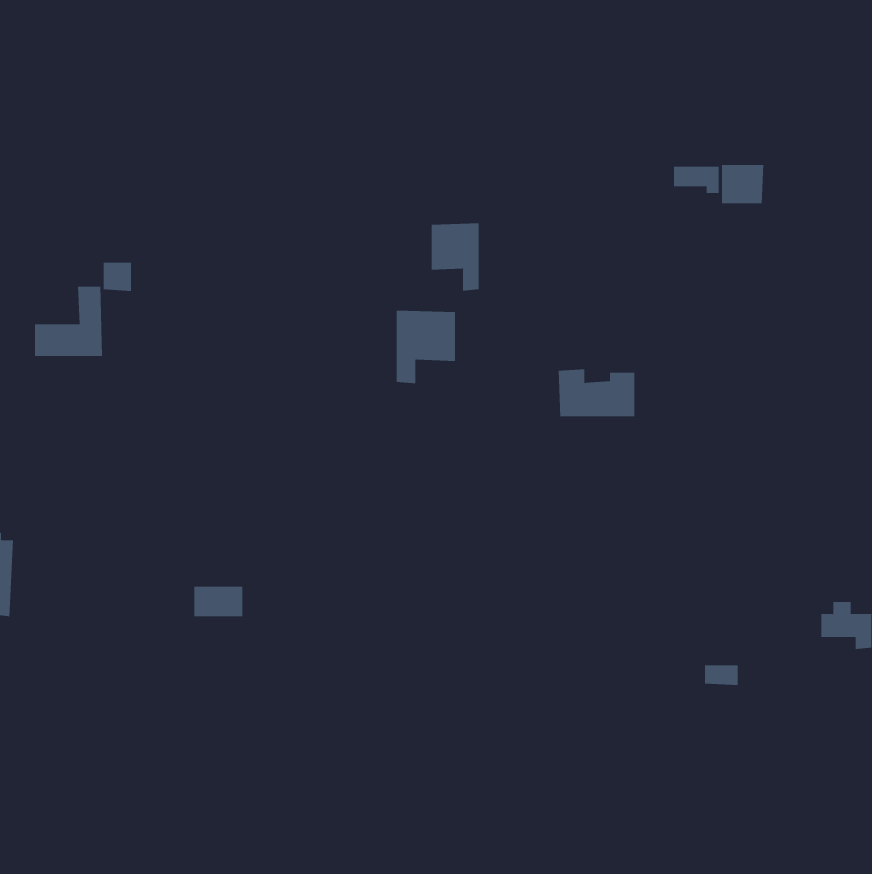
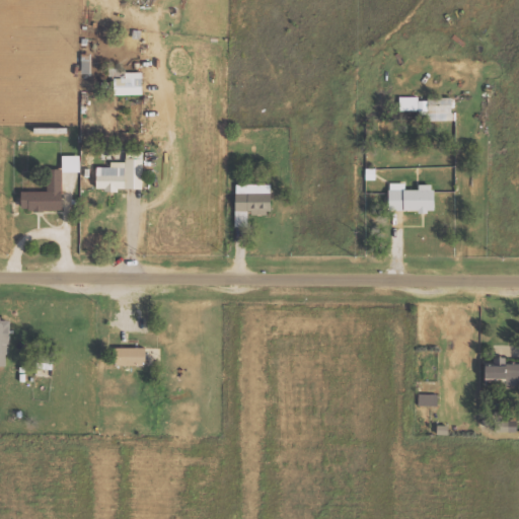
building: none -> [108,69,142,96]
building: [431,223,479,291] -> none
building: none -> [95,152,142,192]
building: [558,369,635,417] -> [387,183,433,212]

